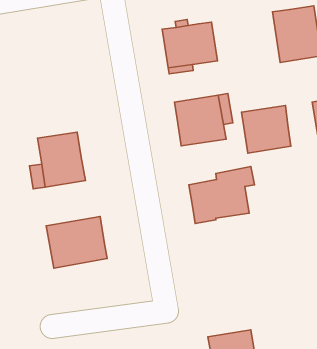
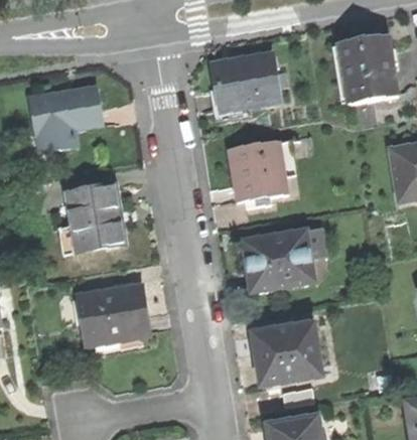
building: none -> [29,85,104,154]
building: [241,106,291,153] -> none
building: none -> [252,322,319,385]

